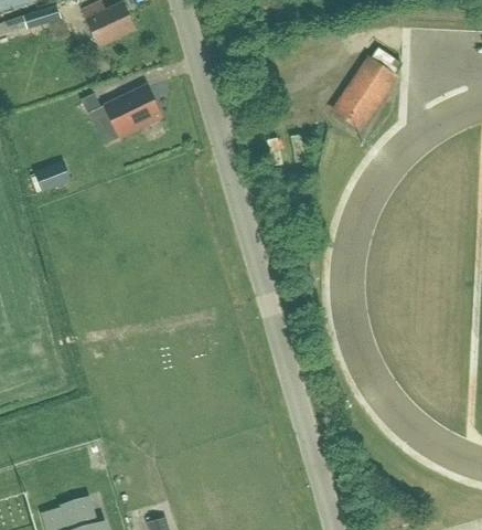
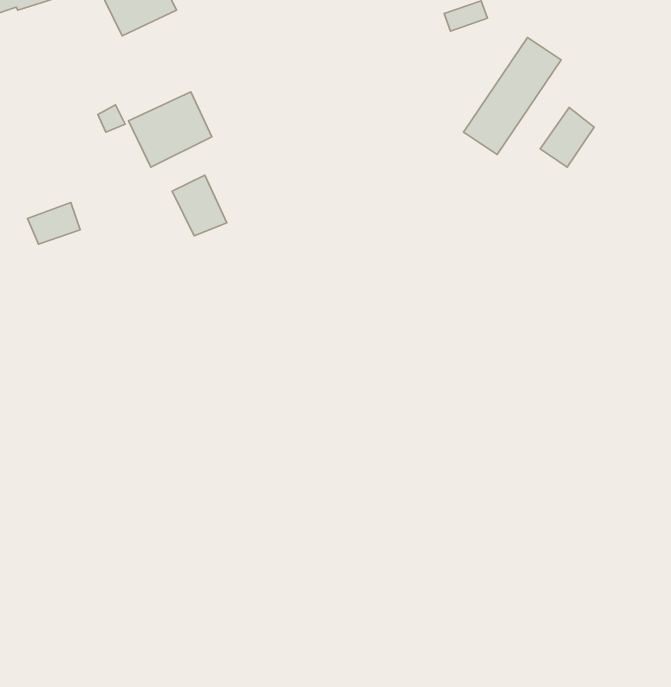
building: none -> [540,108,594,167]
building: none -> [172,175,227,236]

